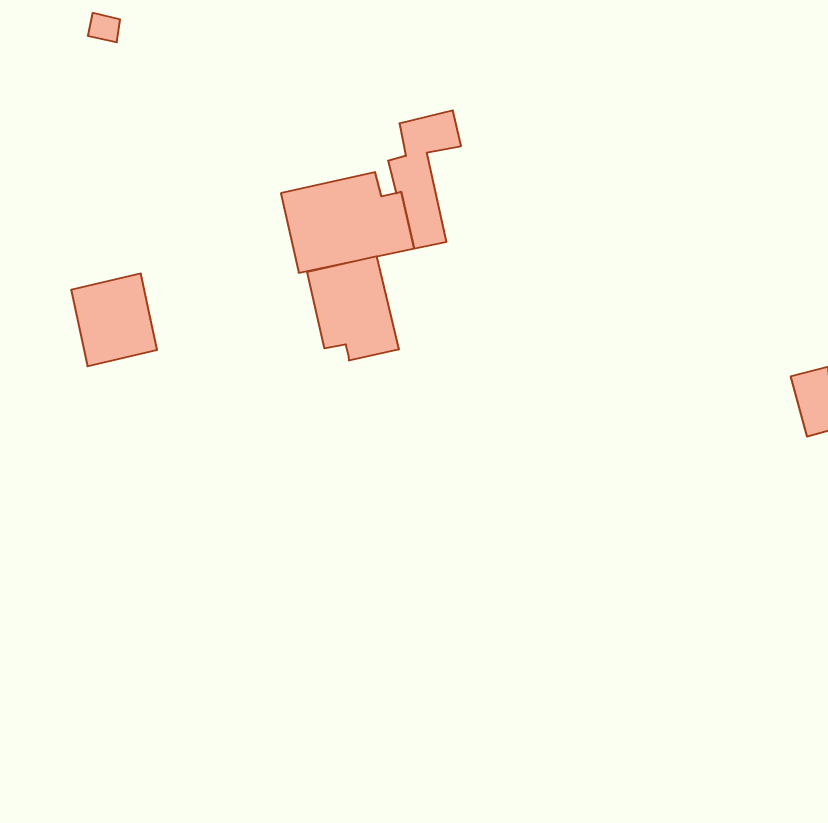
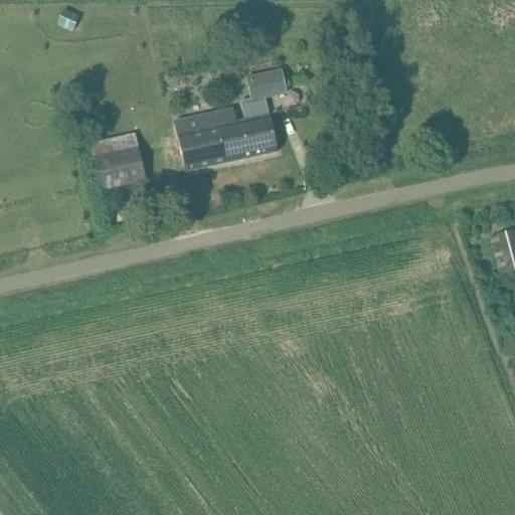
building: [307,256,399,361] -> none
building: [71,274,157,366] -> [93,131,146,188]

